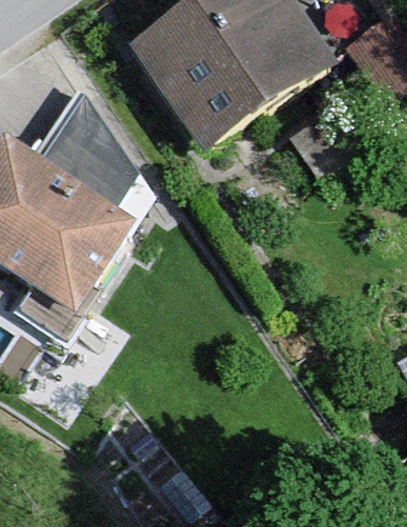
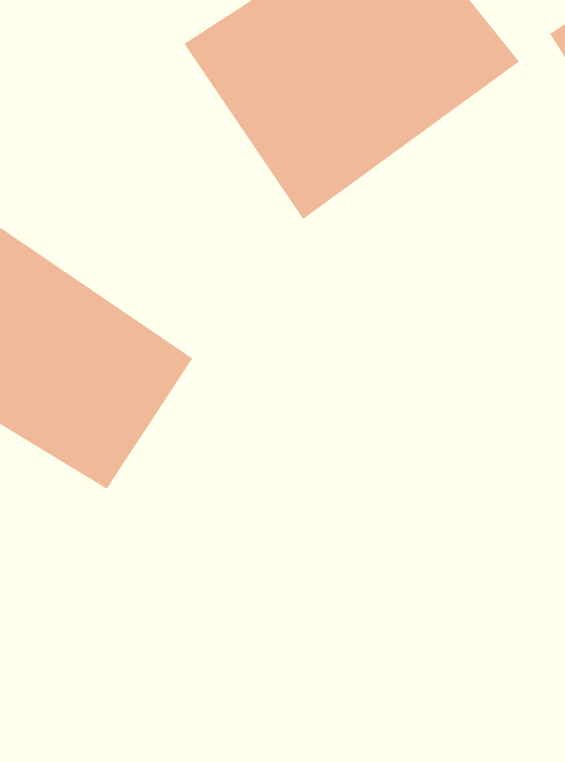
building: [46,93,144,205] -> none

